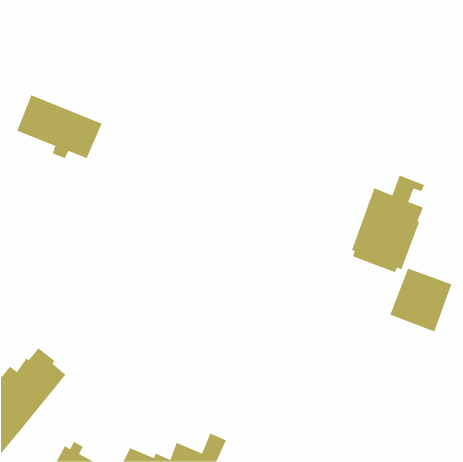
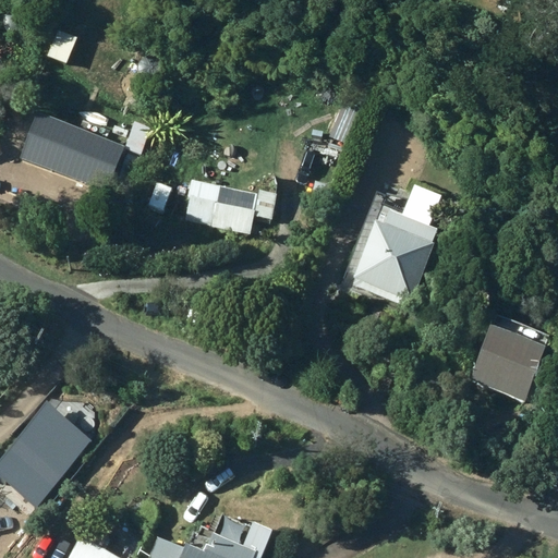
building: none -> [185,175,279,233]
building: [351,175,425,273] -> [353,186,441,304]

